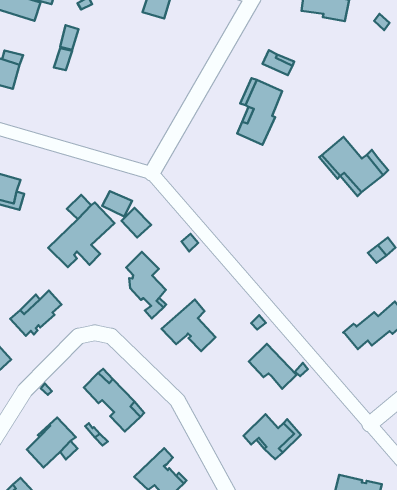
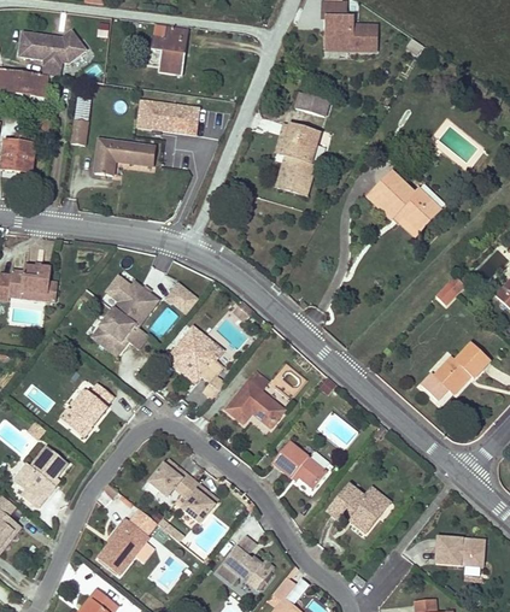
building: none -> [136,101,199,133]
building: none -> [93,139,153,173]
building: [249,344,296,389] -> [272,441,326,487]

